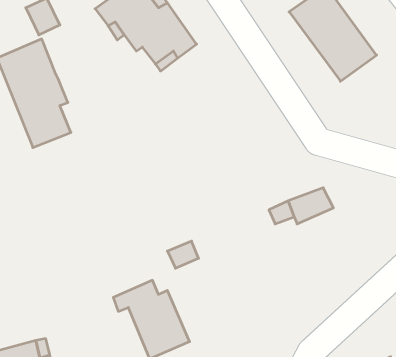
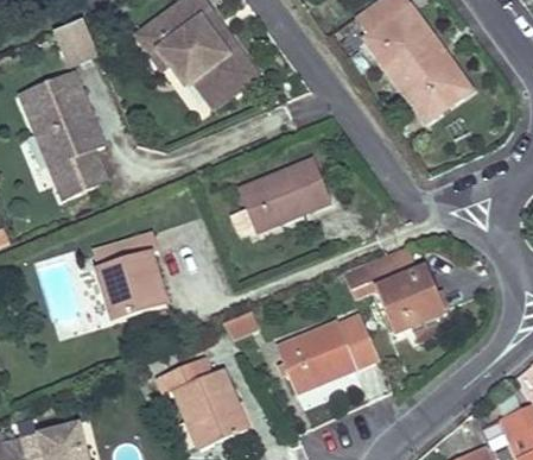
building: none -> [230,159,330,234]
building: none -> [91,232,166,321]
building: none -> [375,266,445,333]
building: none -> [275,315,377,391]

